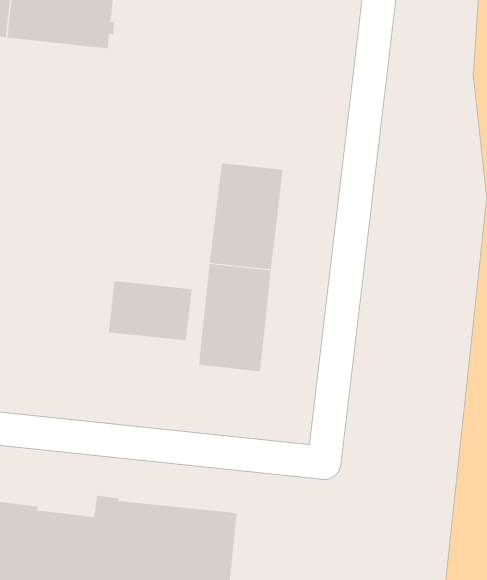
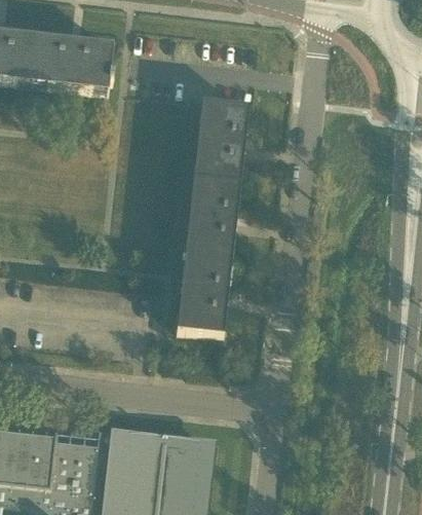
building: none -> [194,99,250,181]
building: [108,280,192,341] -> none

